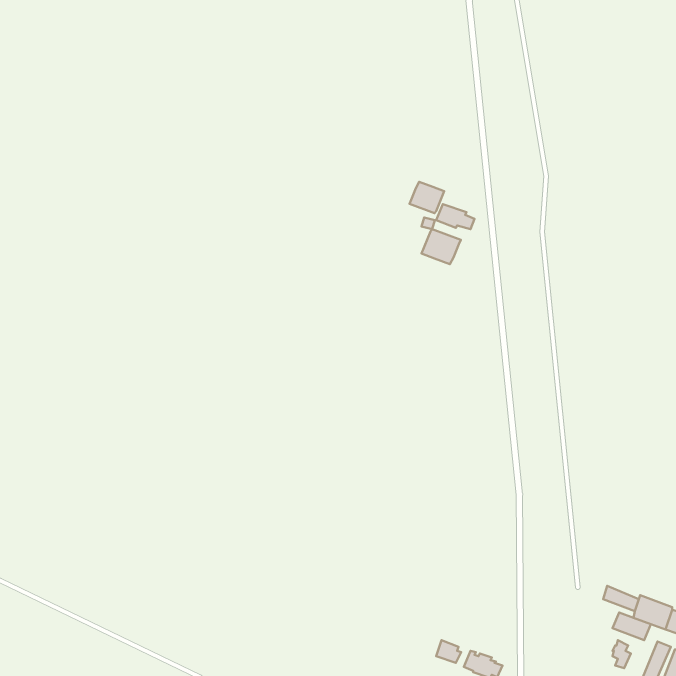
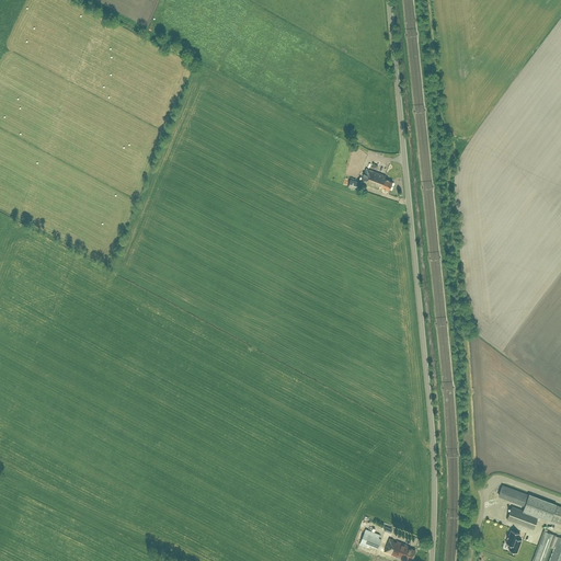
building: [410,182,444,213] -> none
building: [421,229,461,264] -> none

